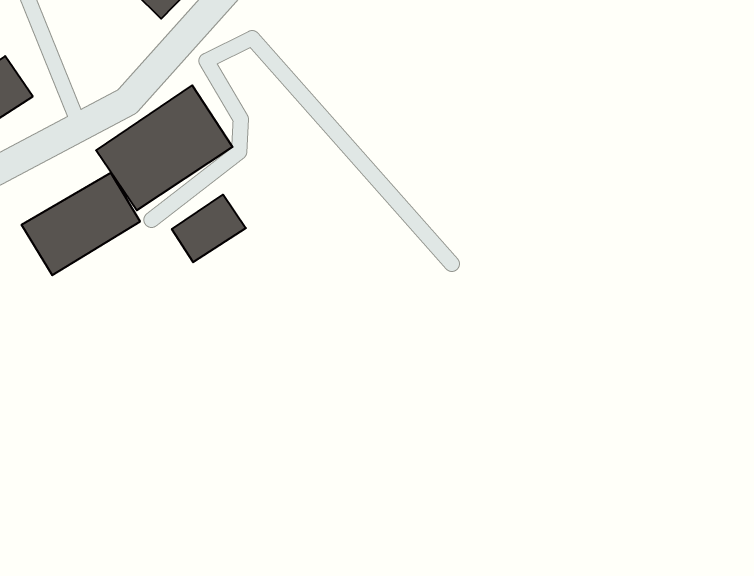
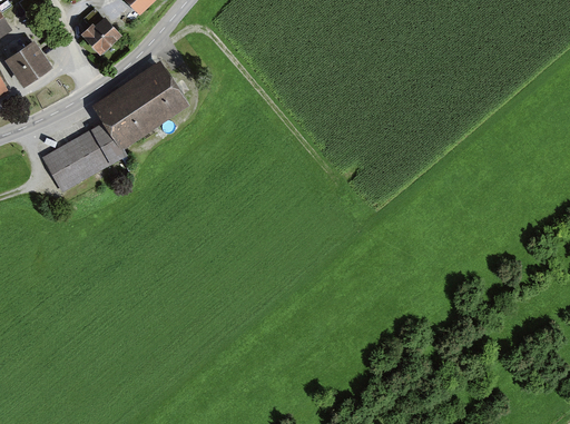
building: none -> [81,16,121,55]
building: [172,195,246,262] -> none

